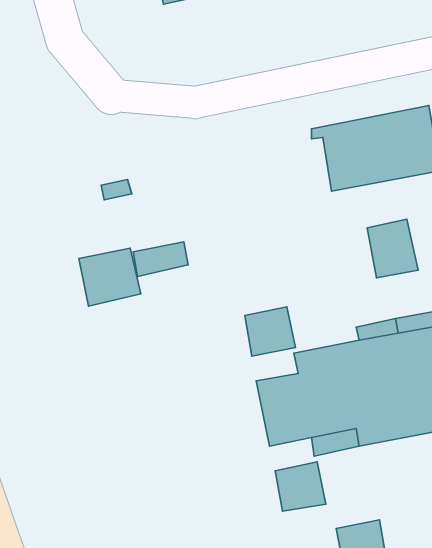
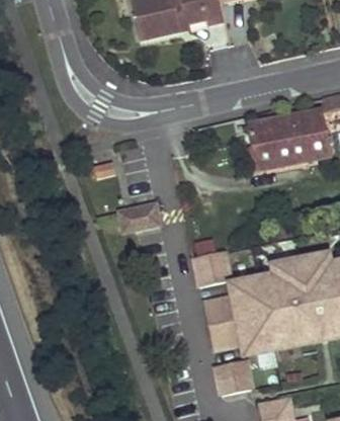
building: [367,219,418,278] -> none
building: [79,248,141,306] -> none

